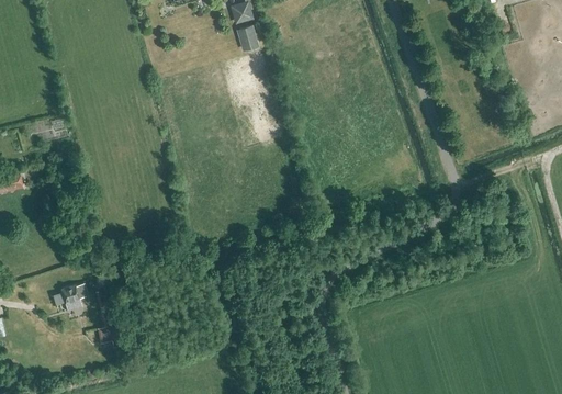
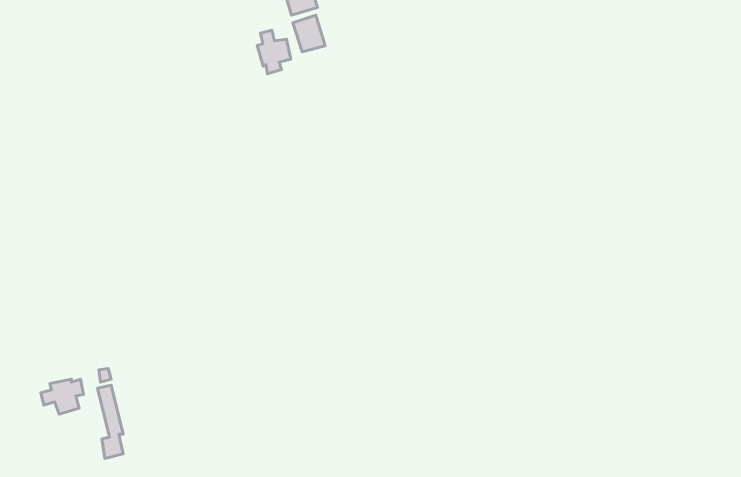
building: none -> [257,30,291,74]

